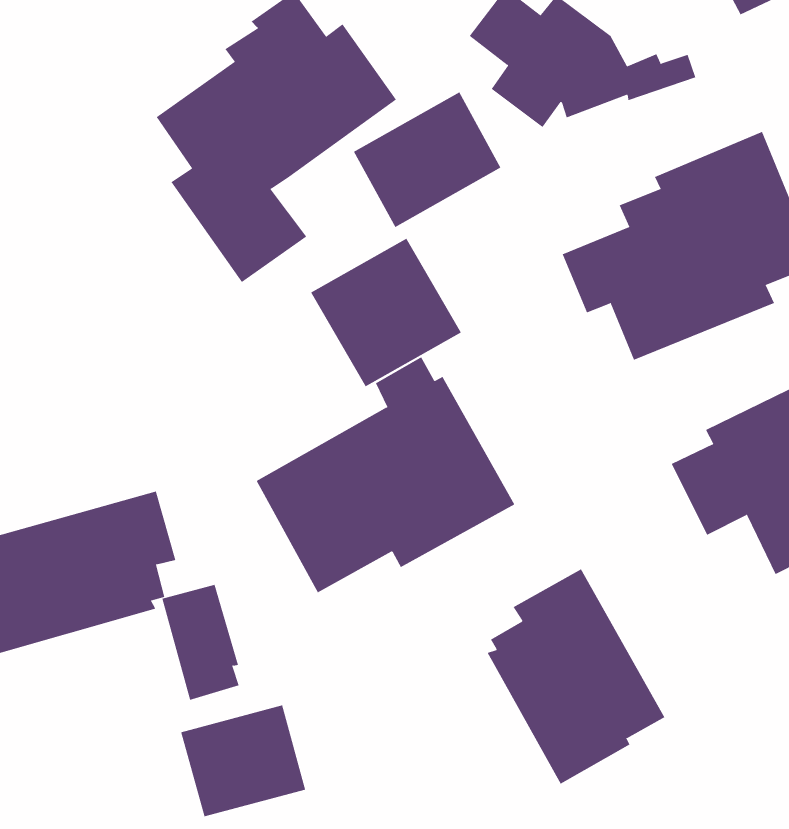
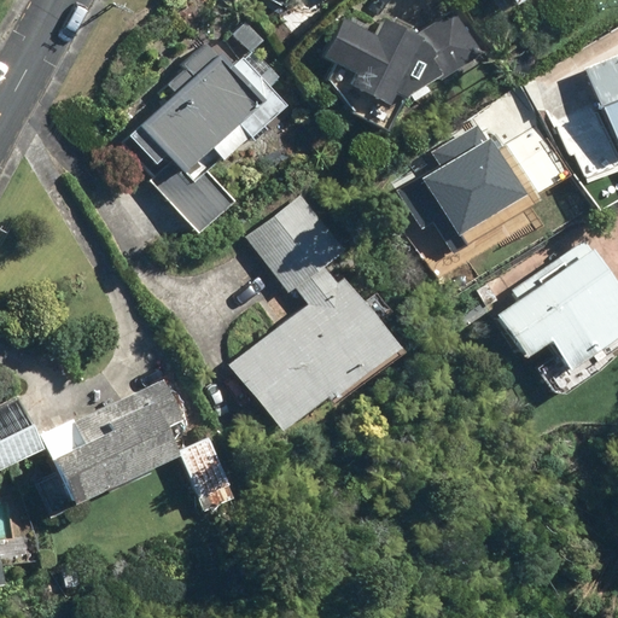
building: [353,91,501,228] -> none
building: [487,568,665,785] -> none
building: [181,705,306,817] -> none

